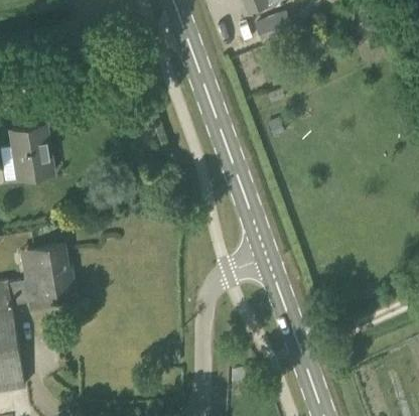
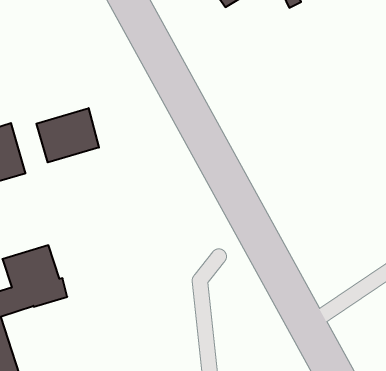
building: none -> [36,108,99,162]

